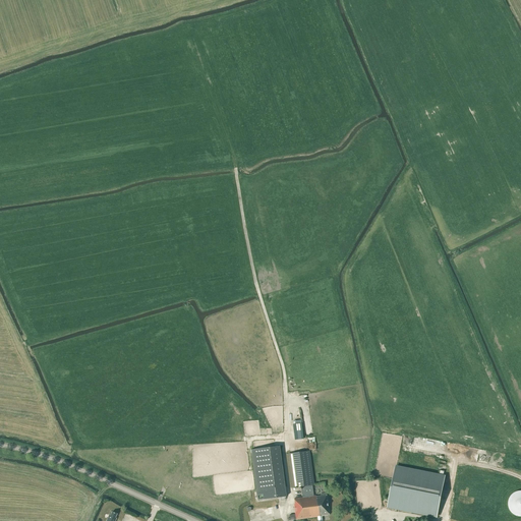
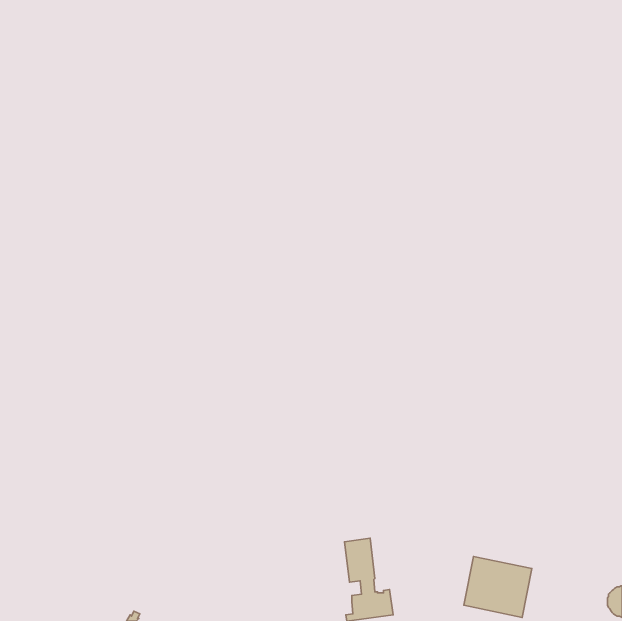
building: [250,445,286,500] -> none

